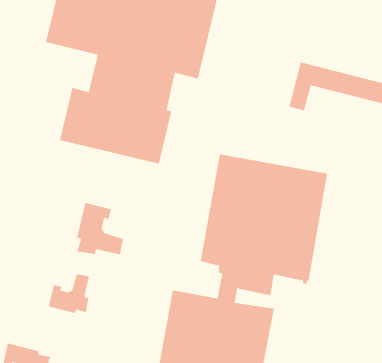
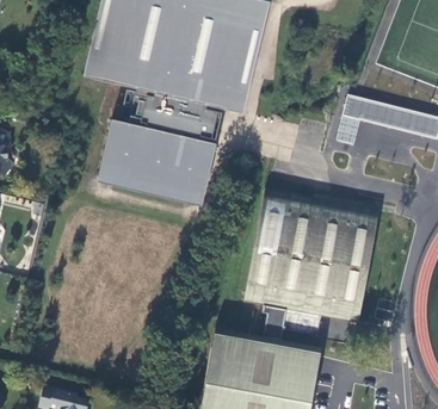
building: [76,202,123,255] -> none
building: [48,274,89,314] -> none

